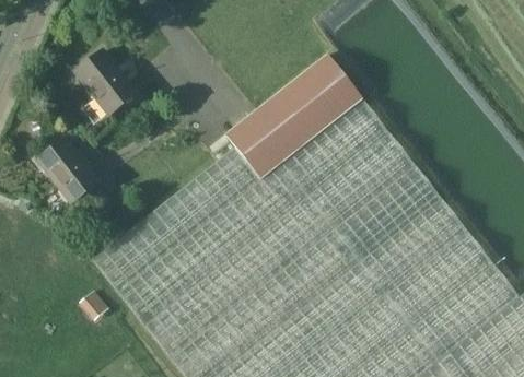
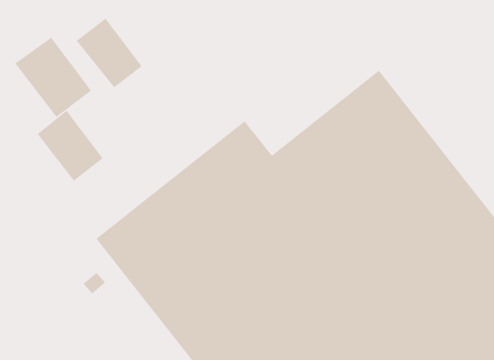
building: [228,55,364,180] -> none
building: none -> [15,37,92,118]

